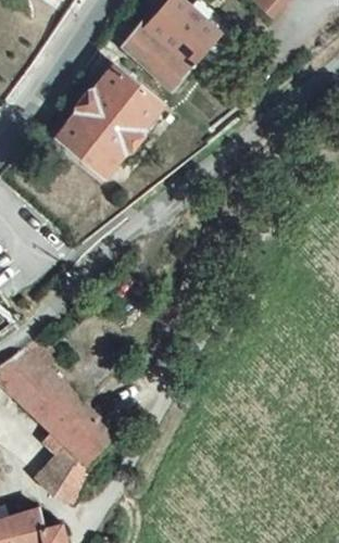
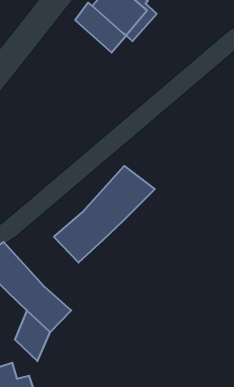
building: [56,65,161,173] -> none
building: none -> [54,166,155,263]

